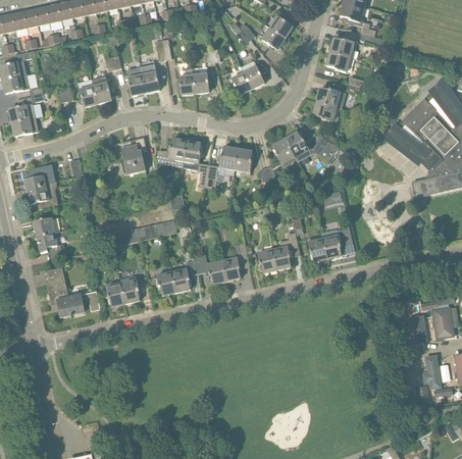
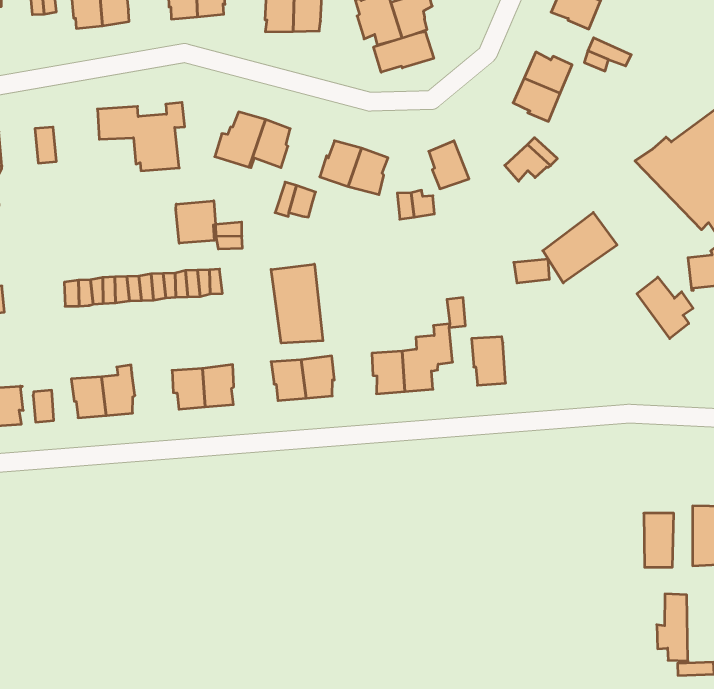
building: none -> [374,32,434,72]
building: [286,132,314,157] -> none
building: none -> [543,212,617,283]
building: none -> [176,201,216,243]
building: none -> [637,277,693,339]
building: none -> [271,264,323,343]
building: [324,227,352,258] -> none

